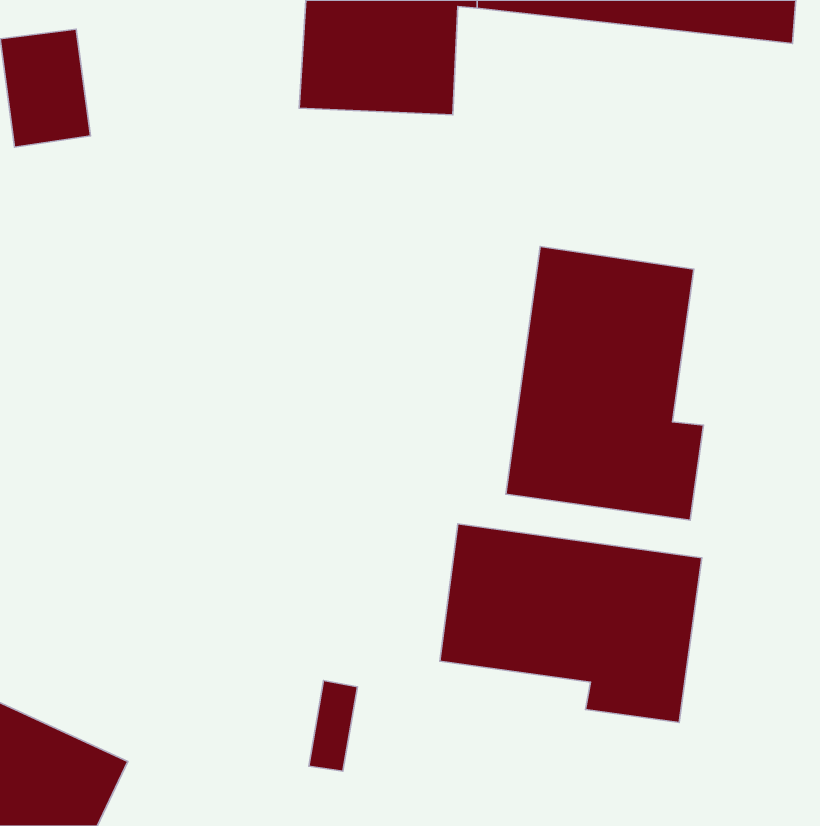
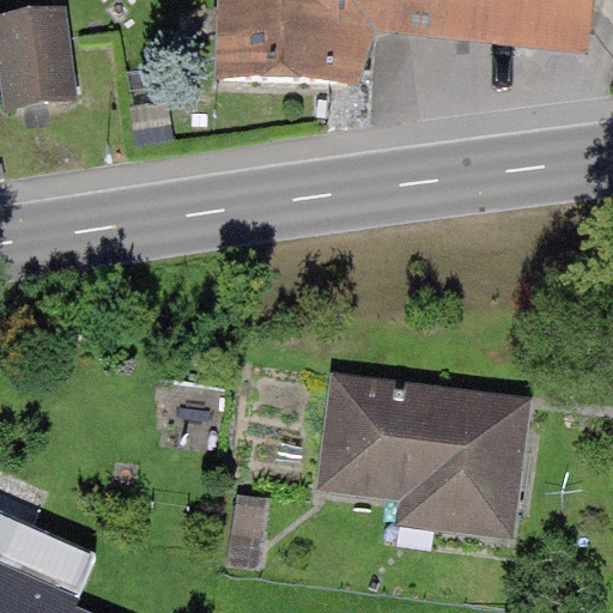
building: [506,247,704,520] -> none

